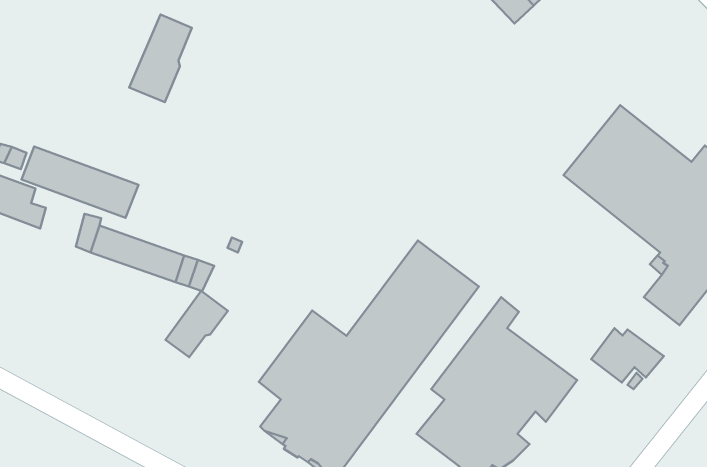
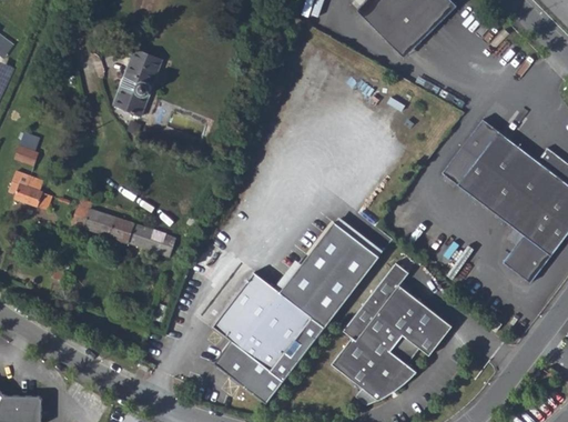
building: [22,146,138,218] -> none
building: [165,291,228,357] -> none
building: [591,328,664,383] -> none

